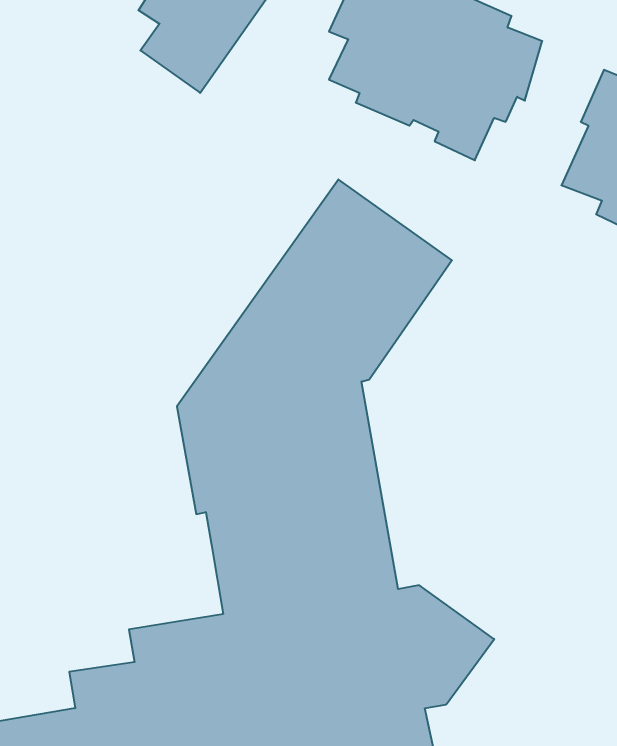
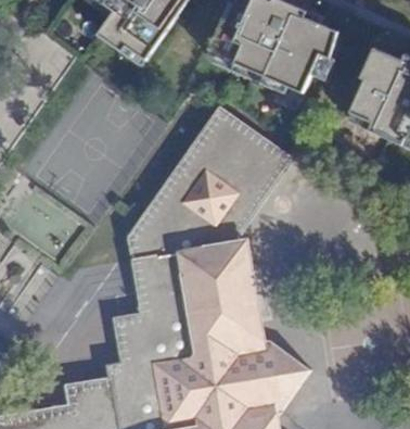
building: none -> [118,314,157,358]

